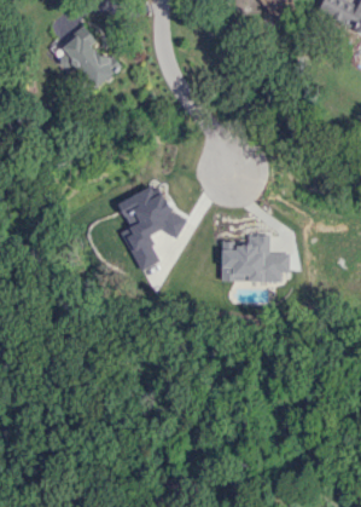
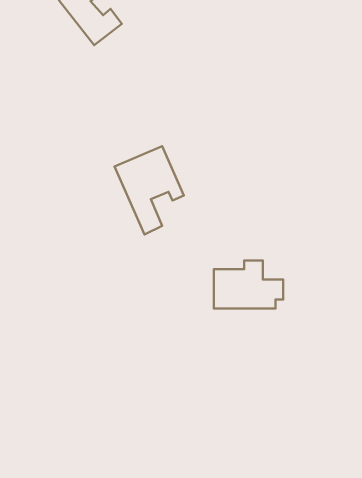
building: [221,235,287,281] -> [214,260,283,308]

